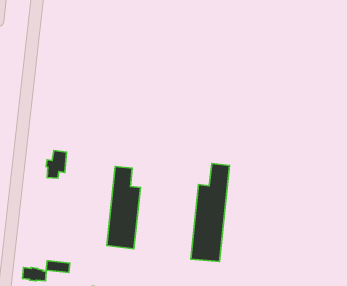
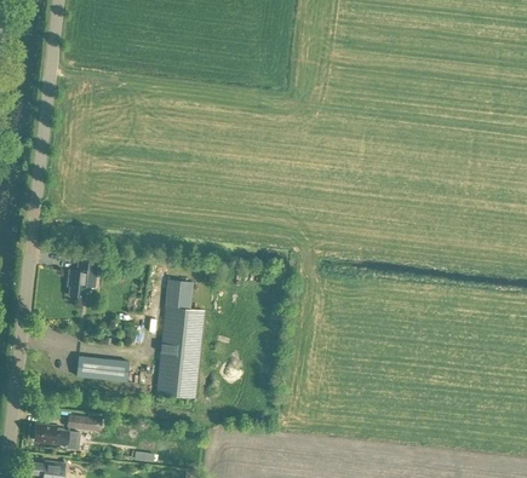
building: [191,163,230,261] -> none
building: none -> [76,356,128,381]

